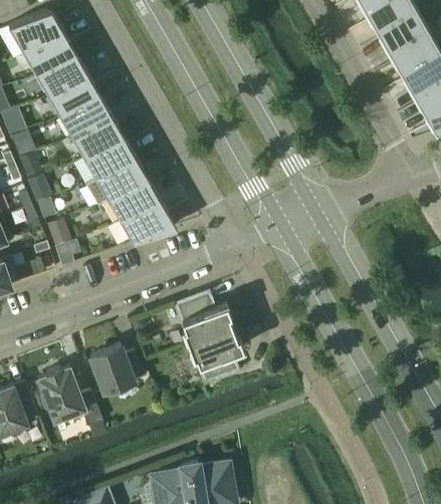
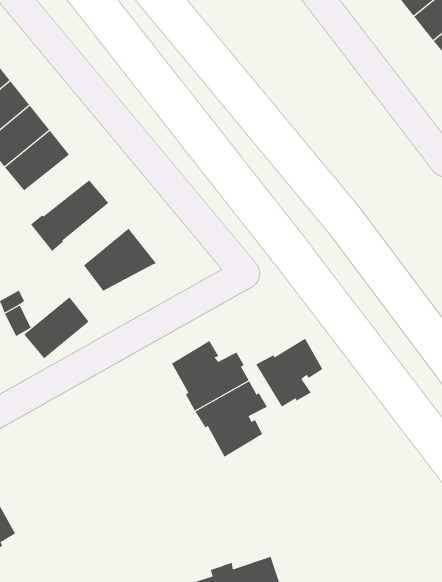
building: [83,136,135,179] -> none
building: [107,177,159,221] -> [24,297,90,359]
building: none -> [256,338,323,407]
building: [90,344,145,392] -> none
building: [38,367,101,427] -> none

